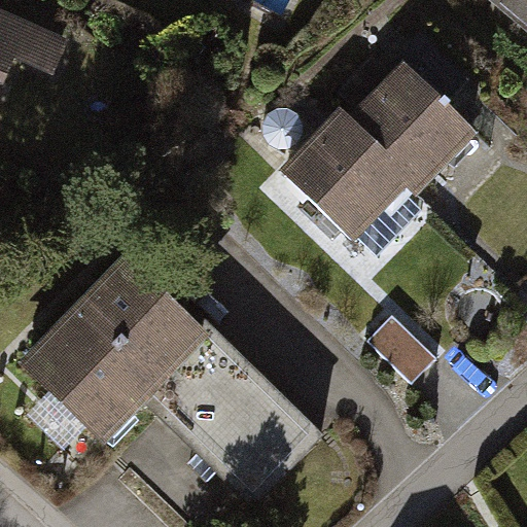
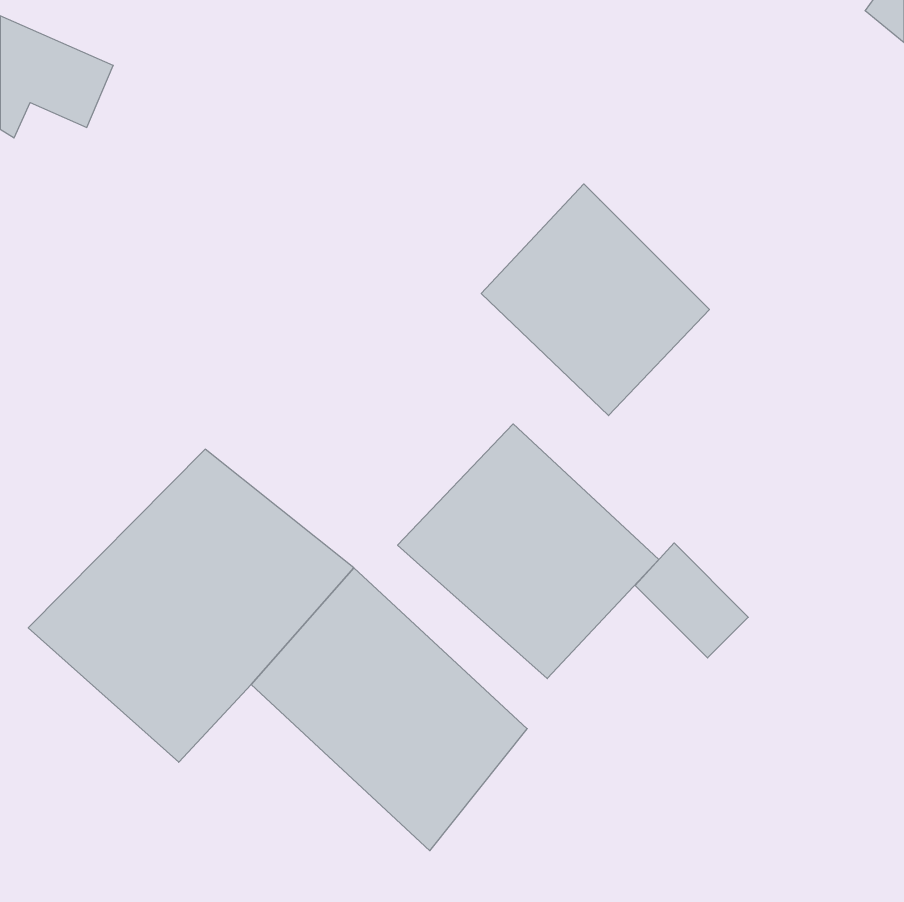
building: [349,32,477,191] -> none
building: none -> [398,424,659,679]

